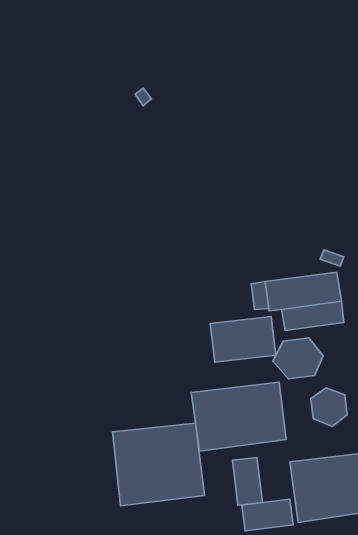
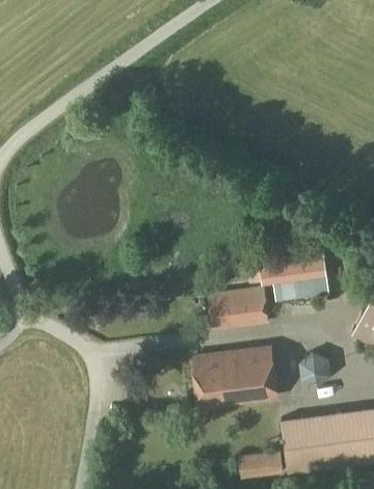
building: [273,338,323,379] -> none
building: [113,423,204,506] -> none
building: [232,457,262,505] -> none

